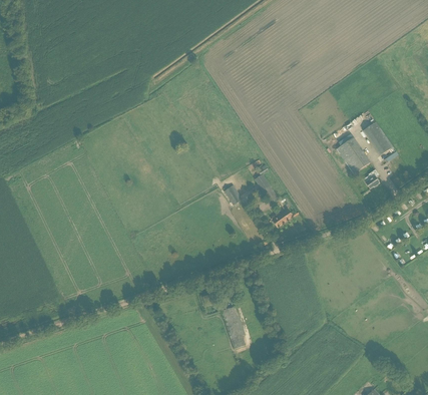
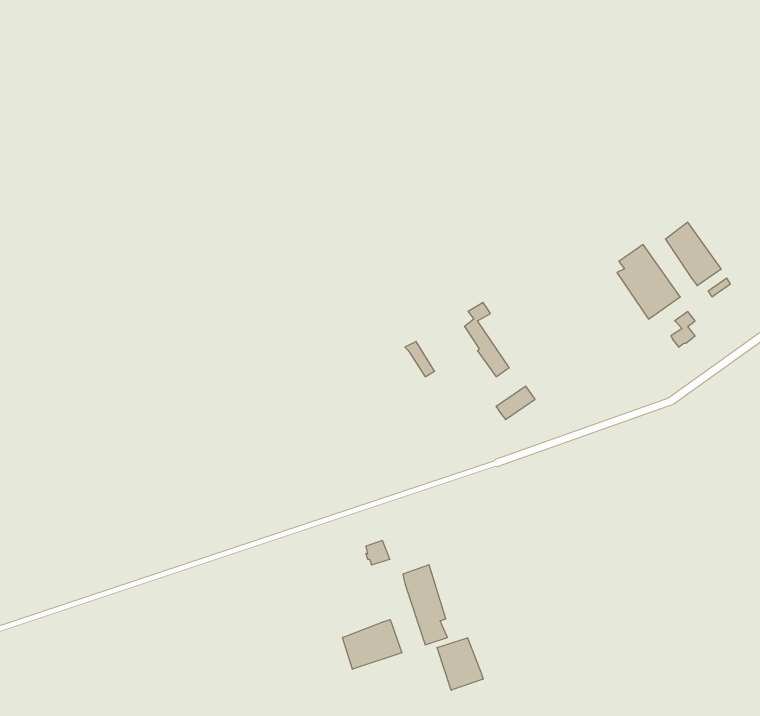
building: none -> [342,620,402,669]
building: none -> [437,638,483,690]

